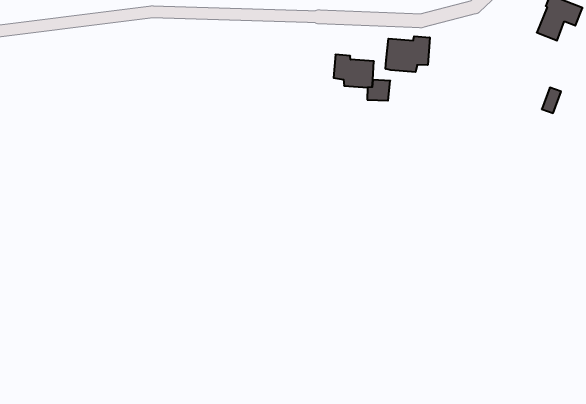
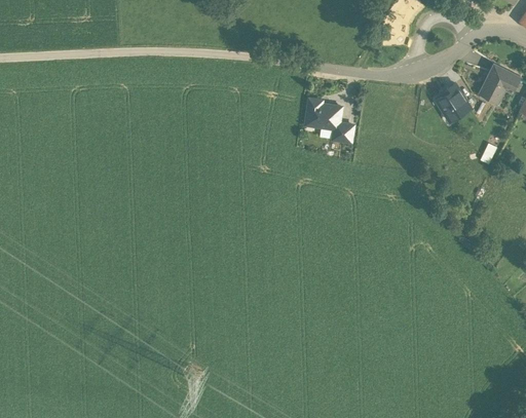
building: none -> [437,84,471,118]
building: [386,36,430,72] -> none

